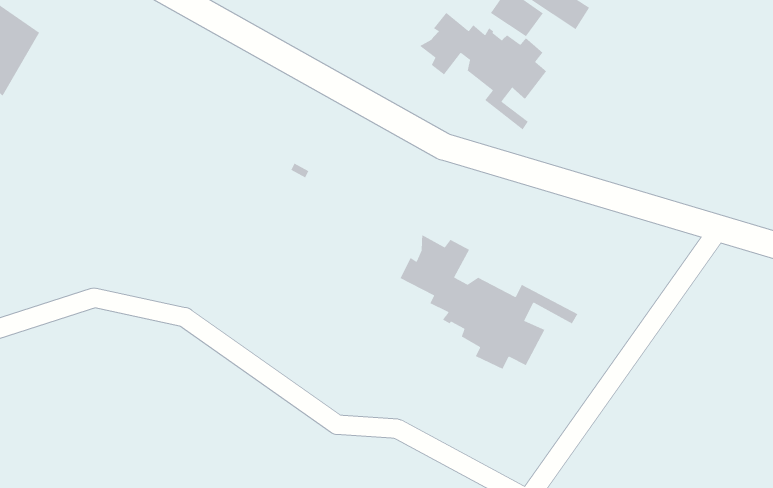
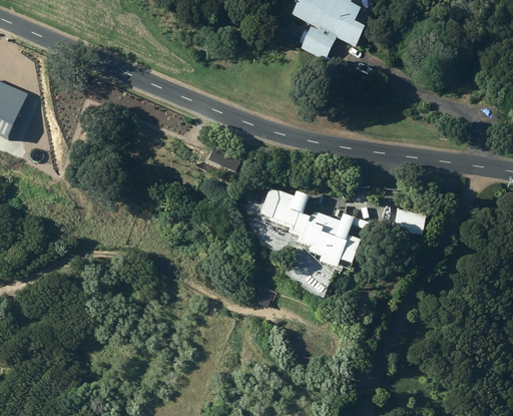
building: [419,12,547,130] -> none
building: none -> [392,207,423,234]

